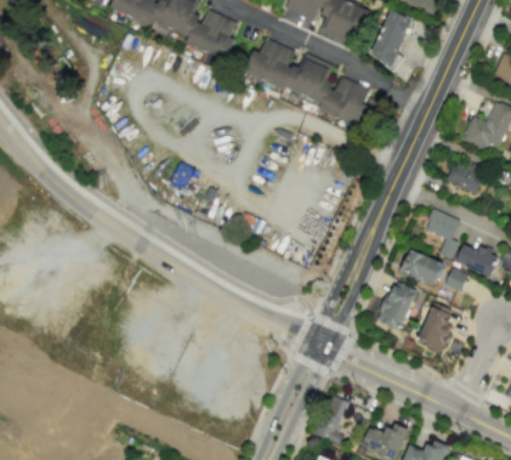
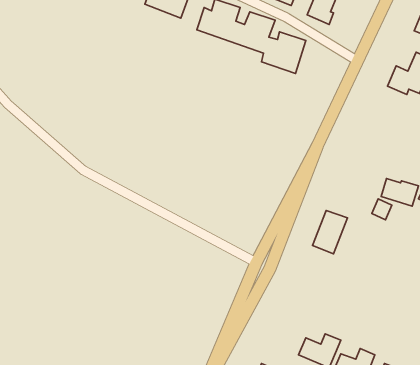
building: [447,160,484,194] -> none
building: [425,210,459,260] -> none
building: [399,250,443,288] -> none
building: [418,303,455,353] -> none
building: [314,396,348,447] -> none

